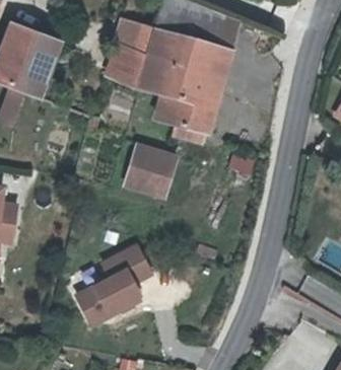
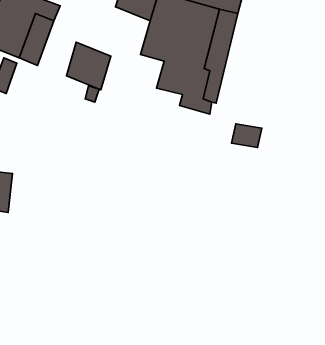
building: [105,44,146,88] -> [66,42,111,90]
building: [127,148,178,200] -> none
building: [80,244,155,324] -> none

